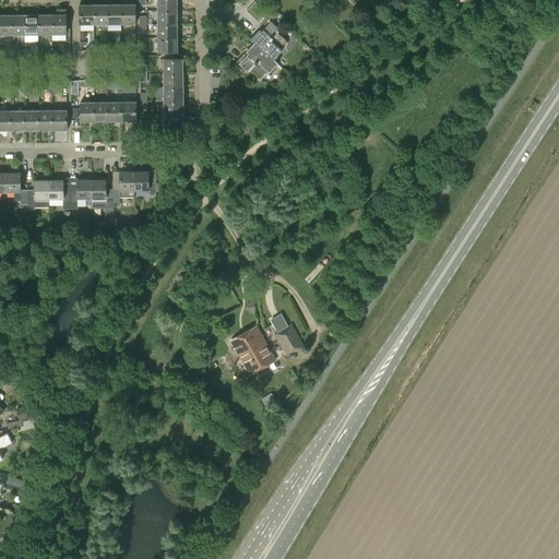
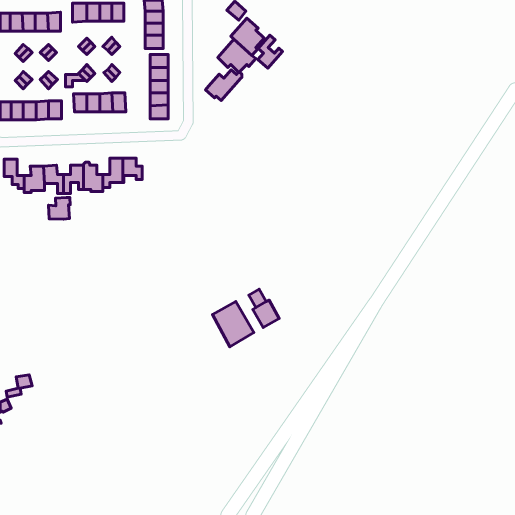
building: none -> [258,35,283,68]
building: none -> [205,70,242,101]
building: none -> [48,197,70,219]

